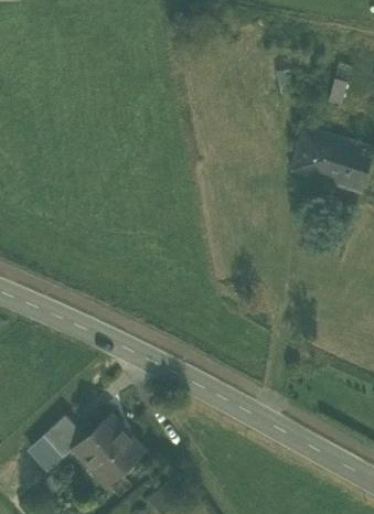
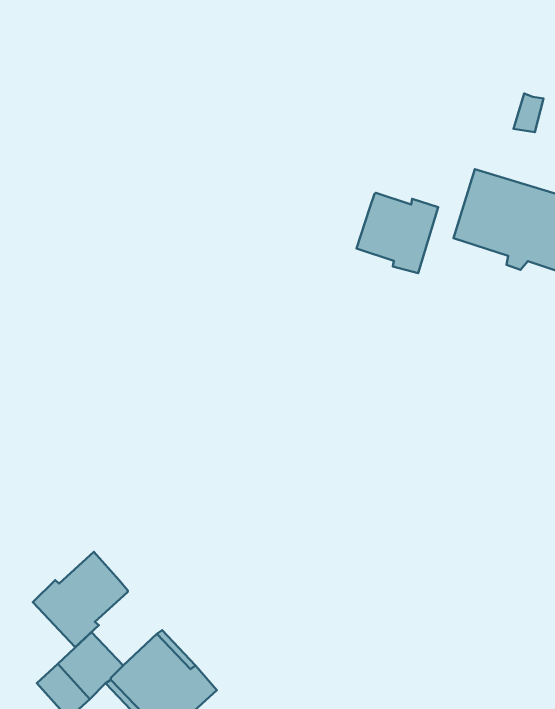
building: none -> [356,193,438,273]
building: none -> [33,552,128,647]

